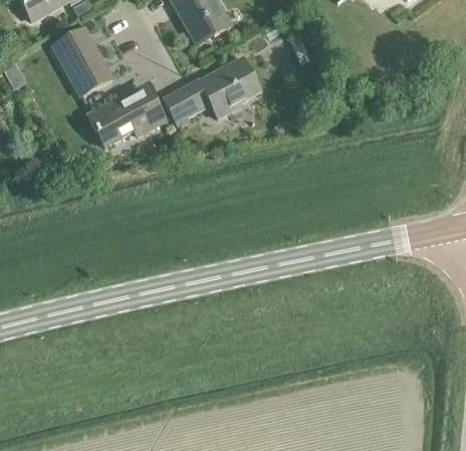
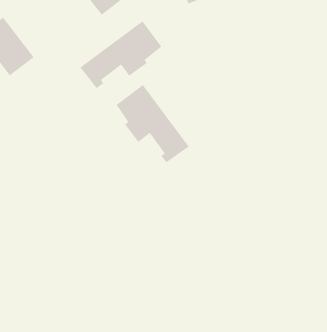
building: [87,88,165,147] -> none
building: none -> [116,84,189,163]

